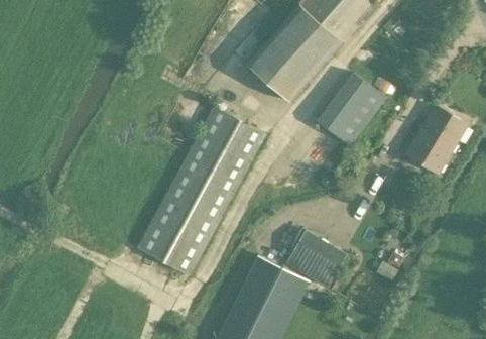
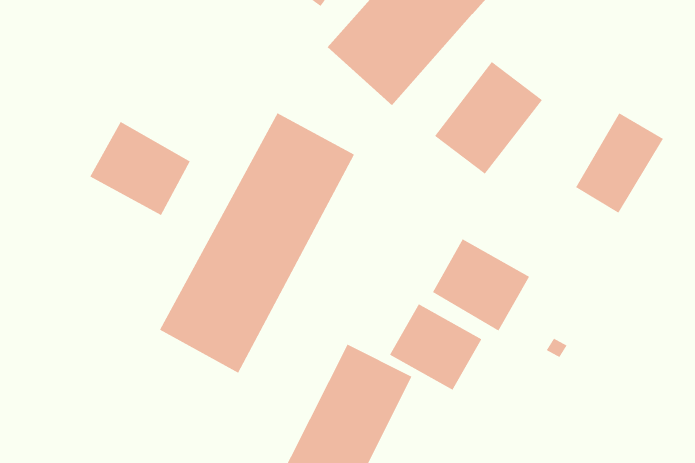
building: none -> [89,121,191,216]
building: none -> [432,239,530,332]

